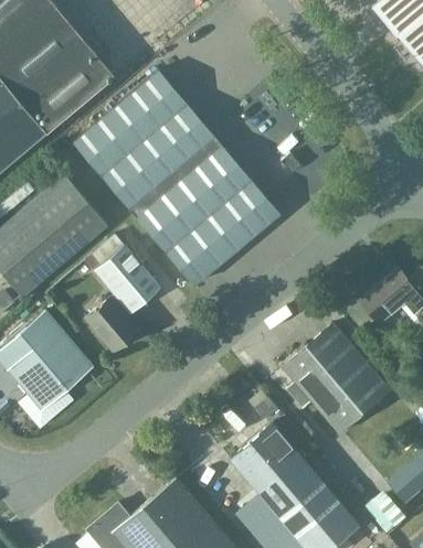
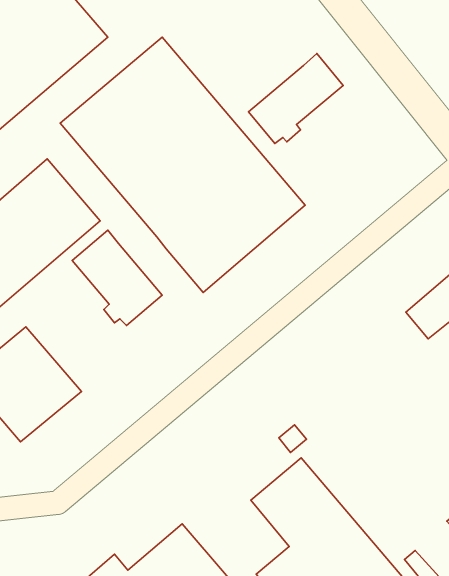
building: none -> [248,54,343,143]
building: [84,299,137,353] -> none
building: [285,324,393,436] -> none

